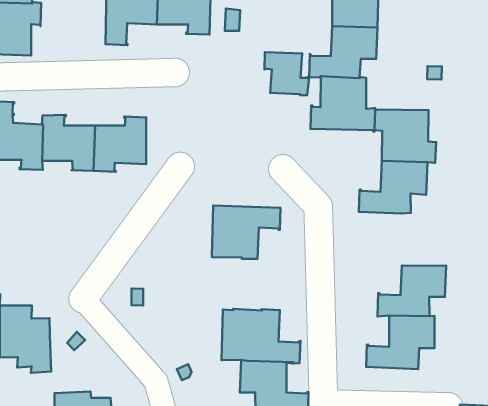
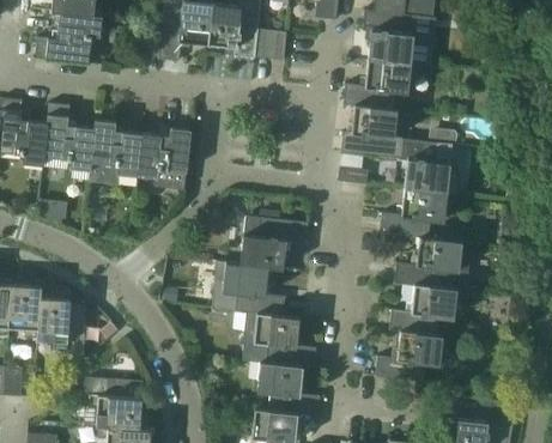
building: [264,52,309,95] -> none
building: none -> [394,237,471,290]
building: none -> [211,261,285,316]

